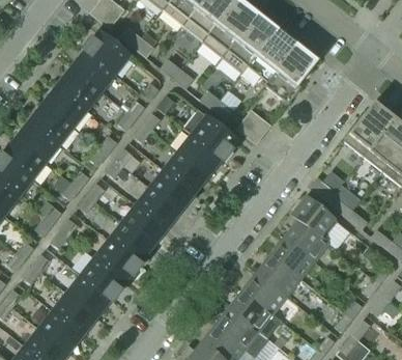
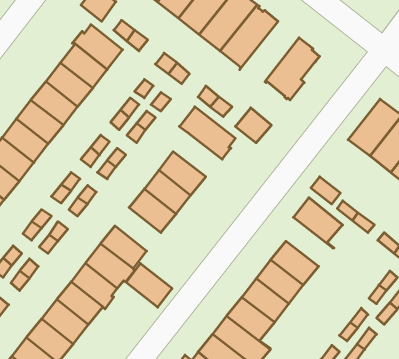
building: [240,28,296,85] -> none
building: [177,134,224,175] -> none
building: [122,204,166,246] -> [126,263,172,307]
building: [283,214,328,260] -> none

